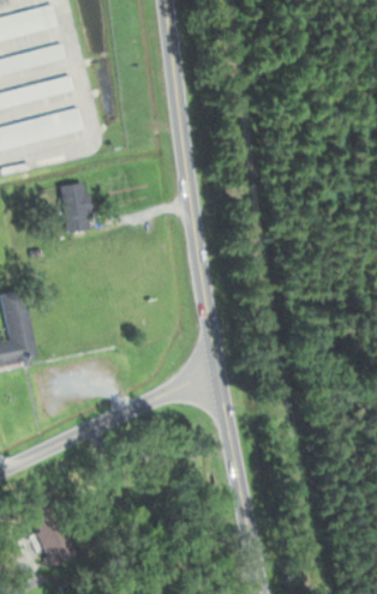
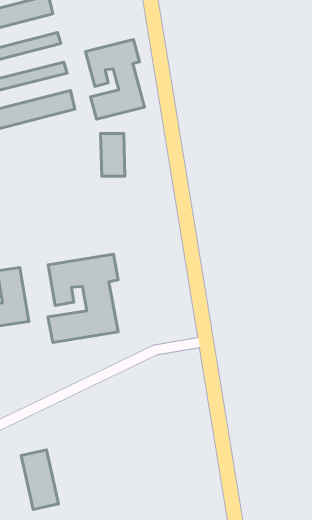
building: none -> [86,39,144,119]
building: [61,182,88,229] -> [101,133,125,176]
building: none -> [48,254,118,343]

